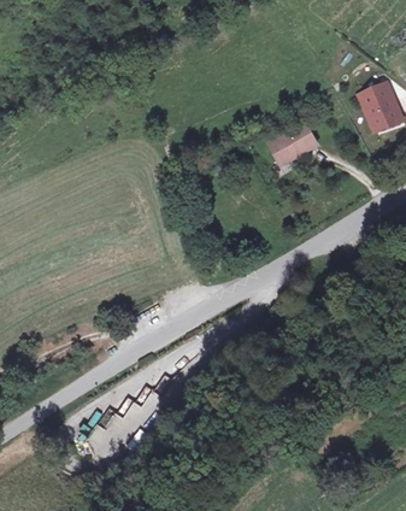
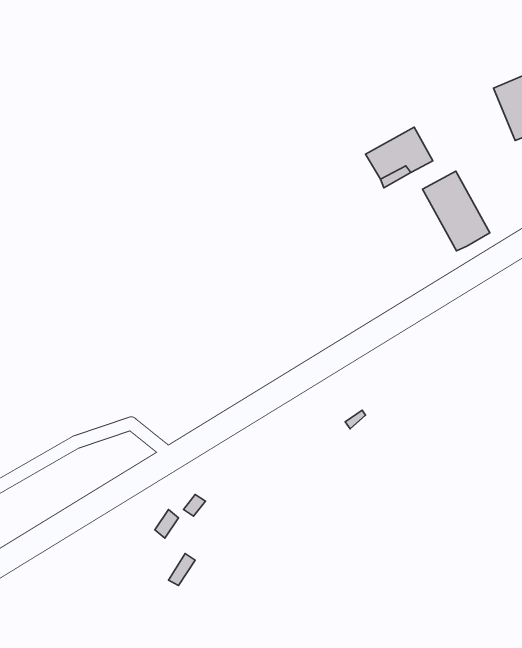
building: none -> [423,171,490,251]

